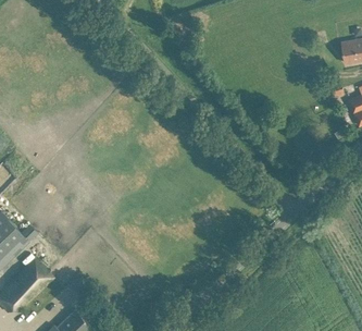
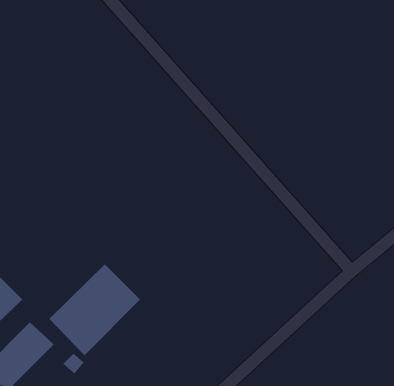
building: none -> [49,263,141,356]

